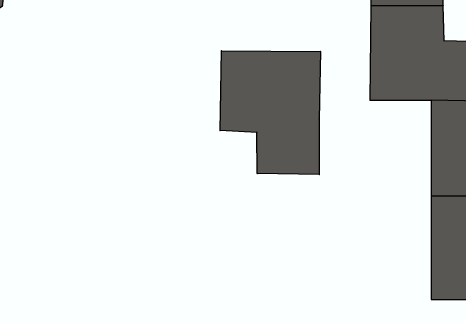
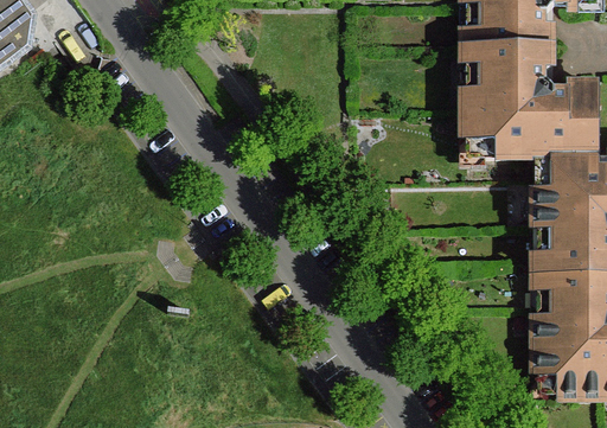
building: [220,51,320,175] -> none

